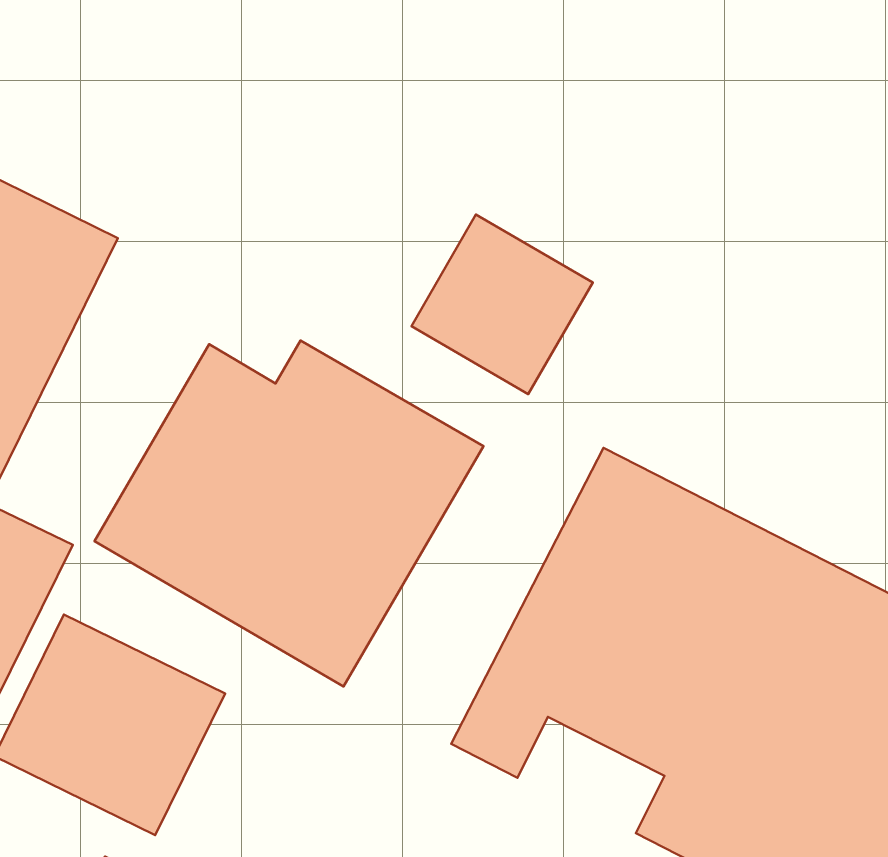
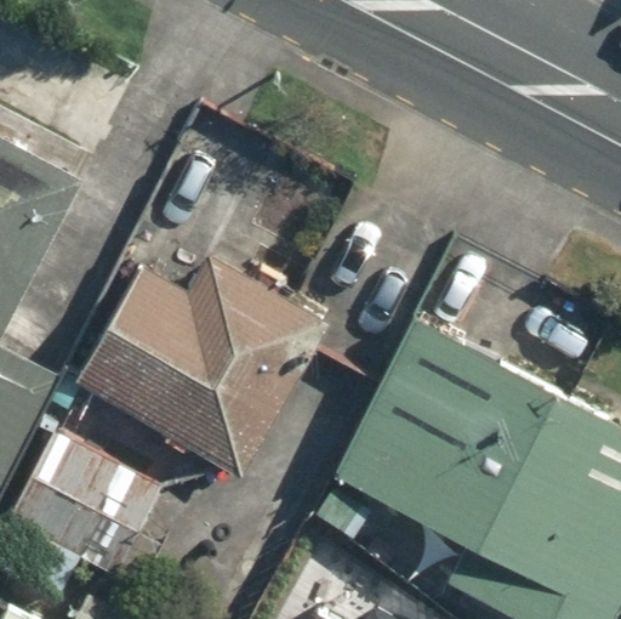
building: [412,214,593,394] -> none

